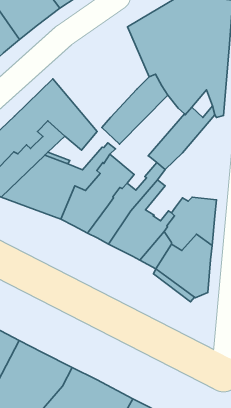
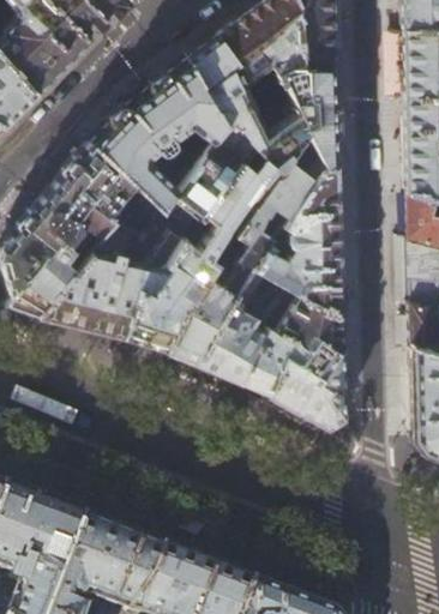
building: none -> [90,55,225,207]
building: none -> [182,145,281,263]
building: none -> [253,165,339,291]

